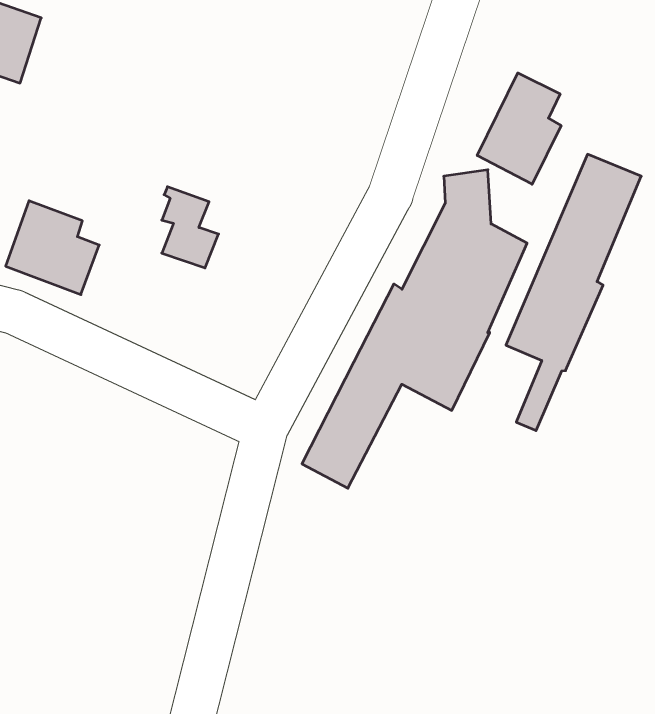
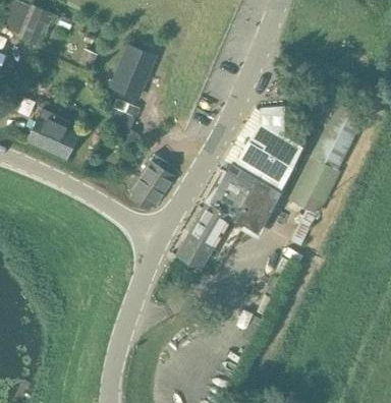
building: none -> [109,44,157,100]
building: [477,73,561,184] -> none
building: none -> [130,156,174,208]

